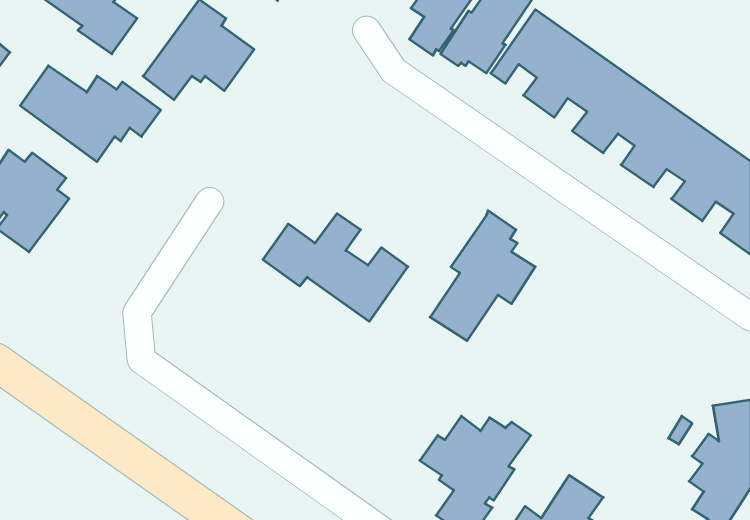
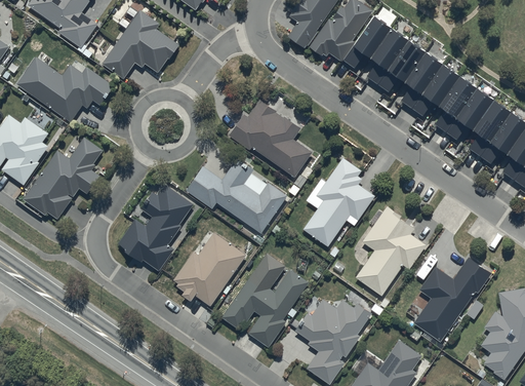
building: none -> [229,100,314,195]
building: none -> [25,137,104,219]
building: none -> [118,185,193,271]
building: none -> [356,205,426,295]
building: none -> [173,232,246,306]
building: none -> [221,253,309,348]
building: none -> [412,256,491,341]

